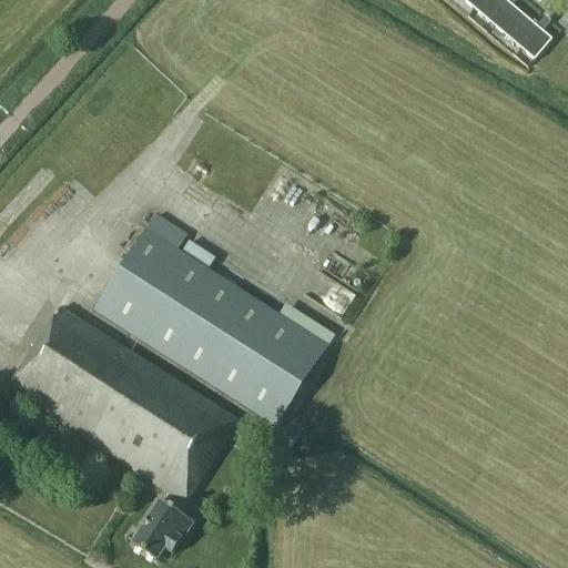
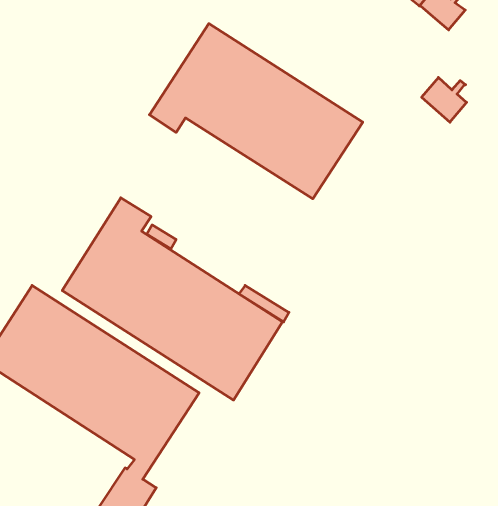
building: [503,12,550,60] -> [422,77,467,122]
building: none -> [149,24,363,199]

